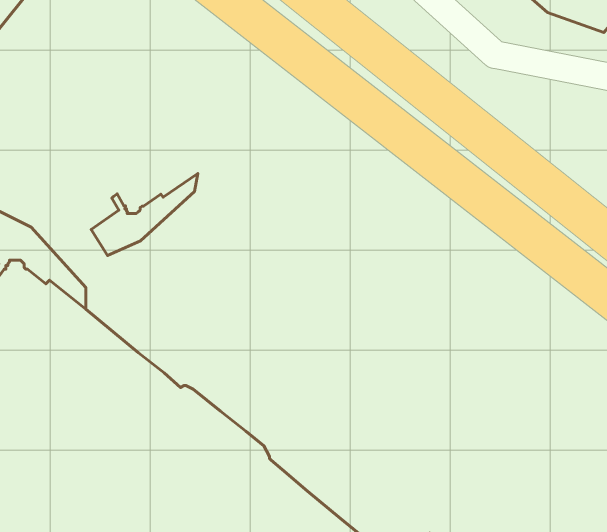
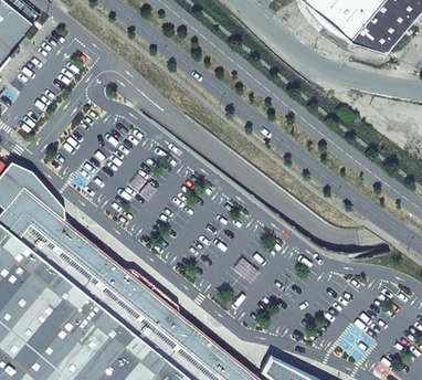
building: [91,174,198,256] -> none

